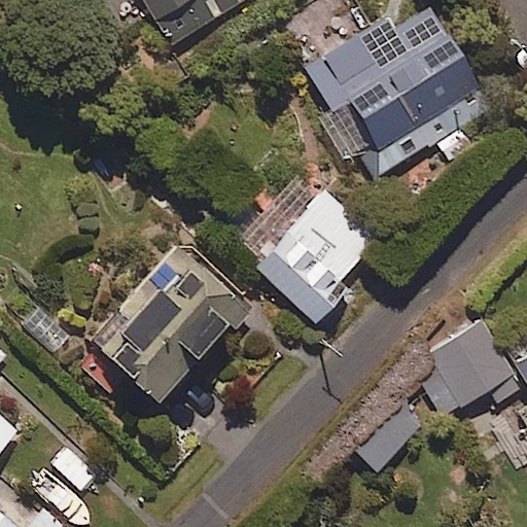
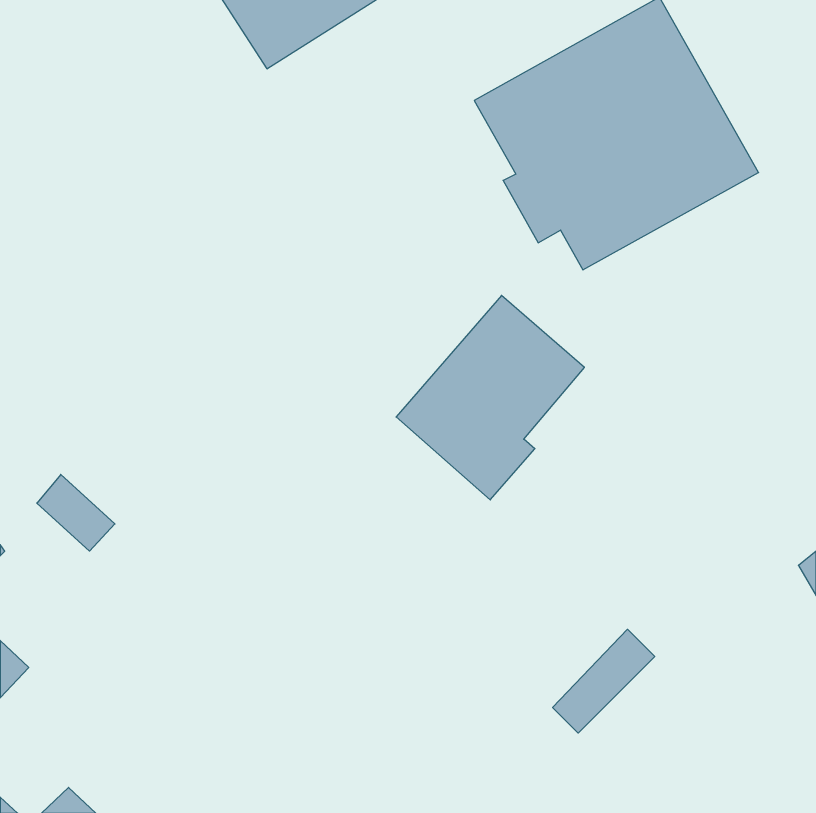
building: [73,246,243,402] -> none
building: [418,322,521,412] -> none

